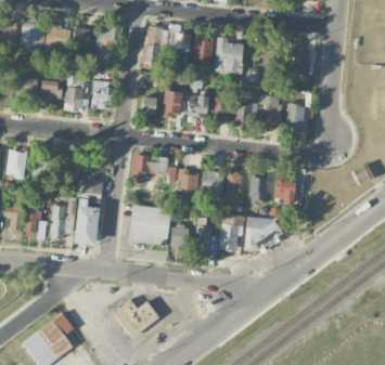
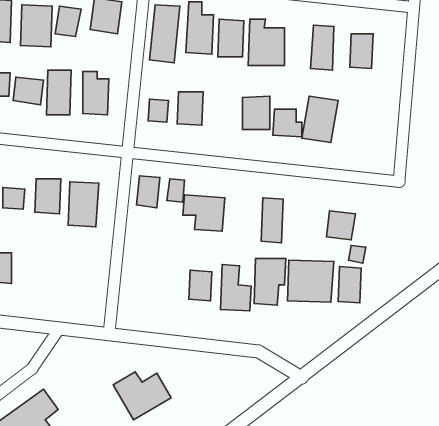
building: [188,91,208,117] -> none
building: [285,104,305,132] -> none
building: [202,171,222,194] -> none
building: [249,177,267,204] -> [338,267,361,303]
building: [76,199,99,244] -> none
building: [50,205,69,239] -> none
building: [129,205,170,245] -> none

